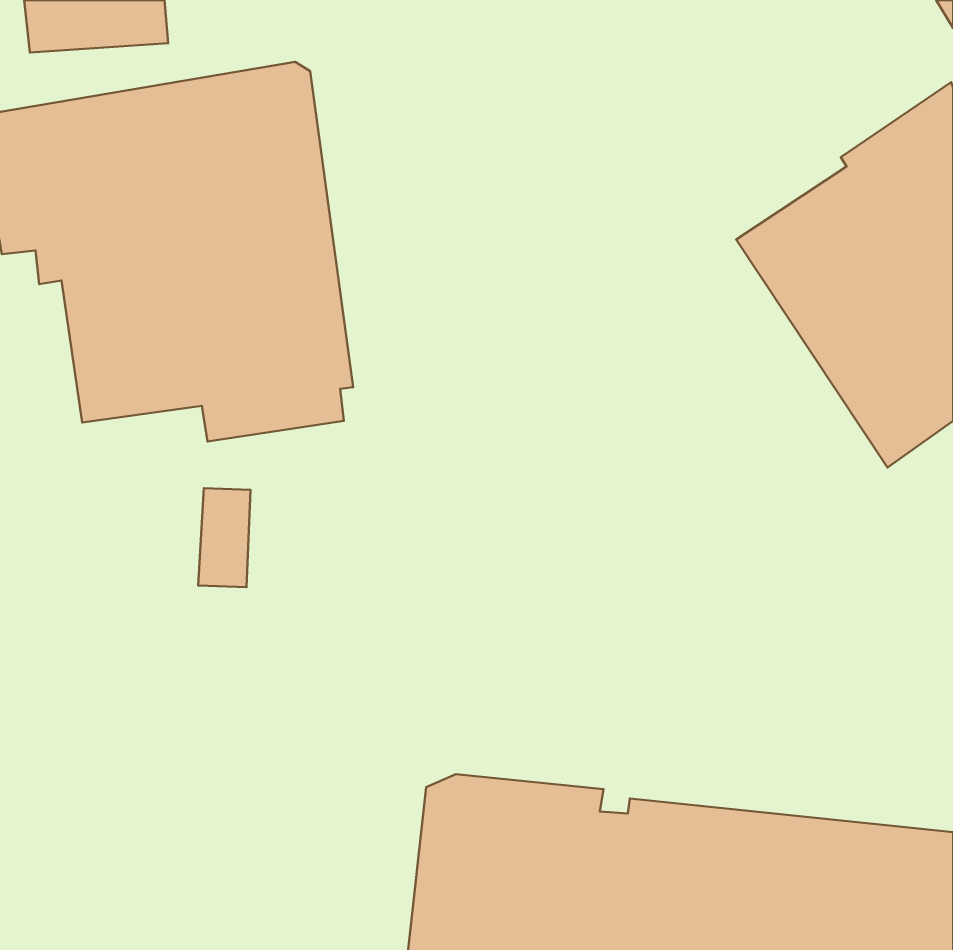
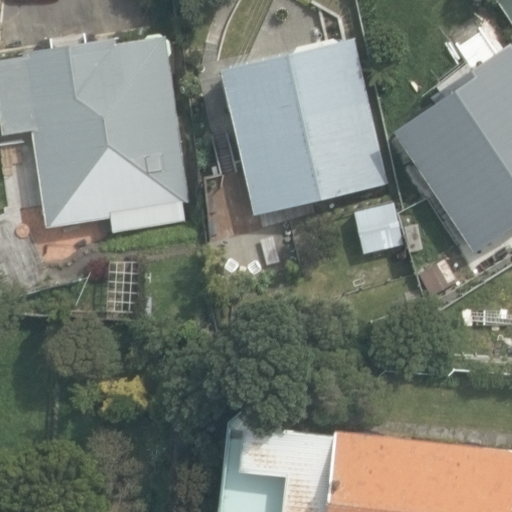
building: none -> [223,41,387,216]

